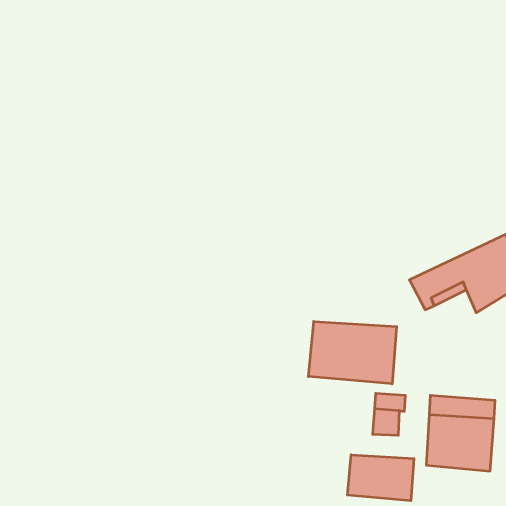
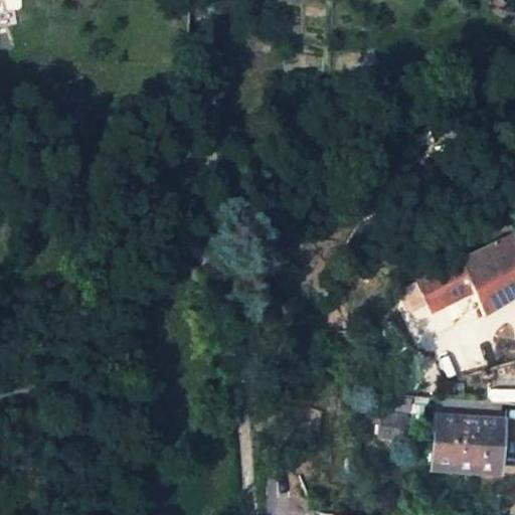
building: [308,321,397,384] -> none
building: [347,455,414,501] -> none

